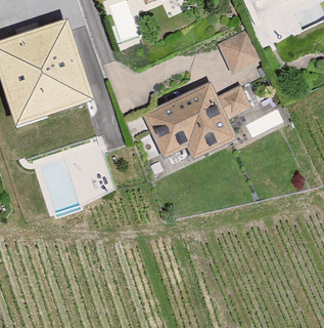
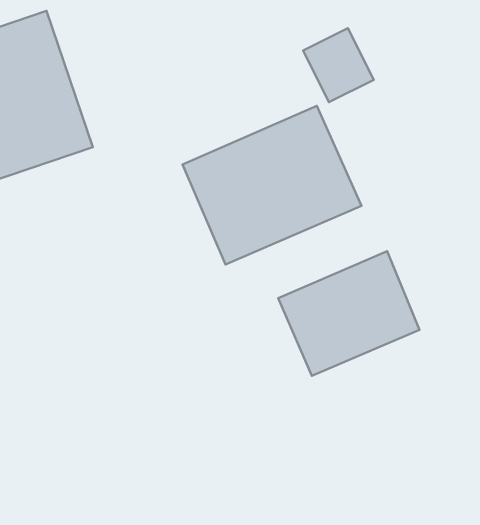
building: none -> [278,251,420,376]

